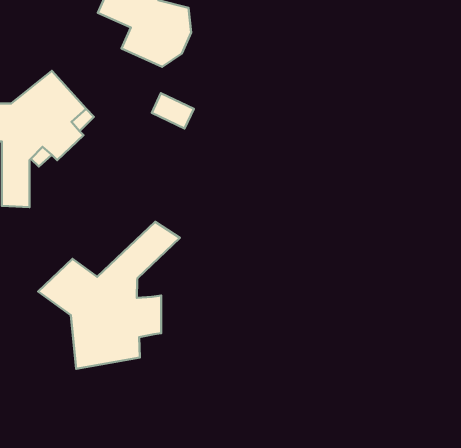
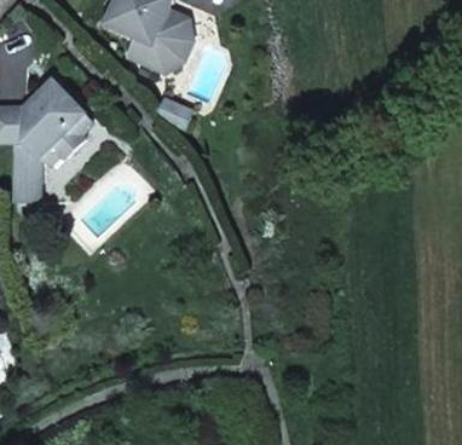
building: [38,222,180,369] -> none

